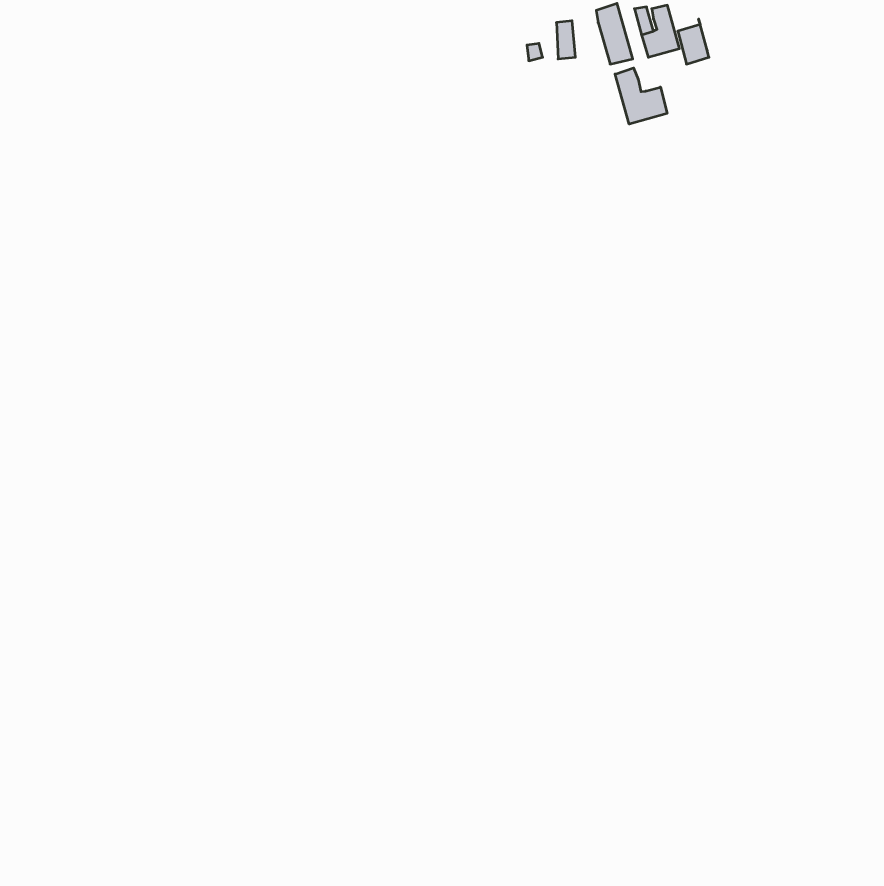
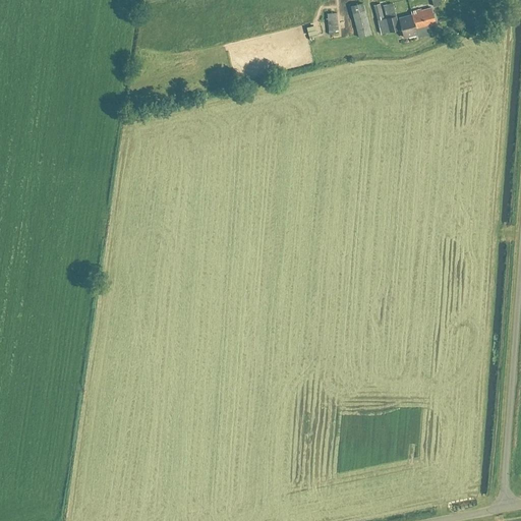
building: none -> [410,7,435,30]
building: [615,68,667,124] -> none

